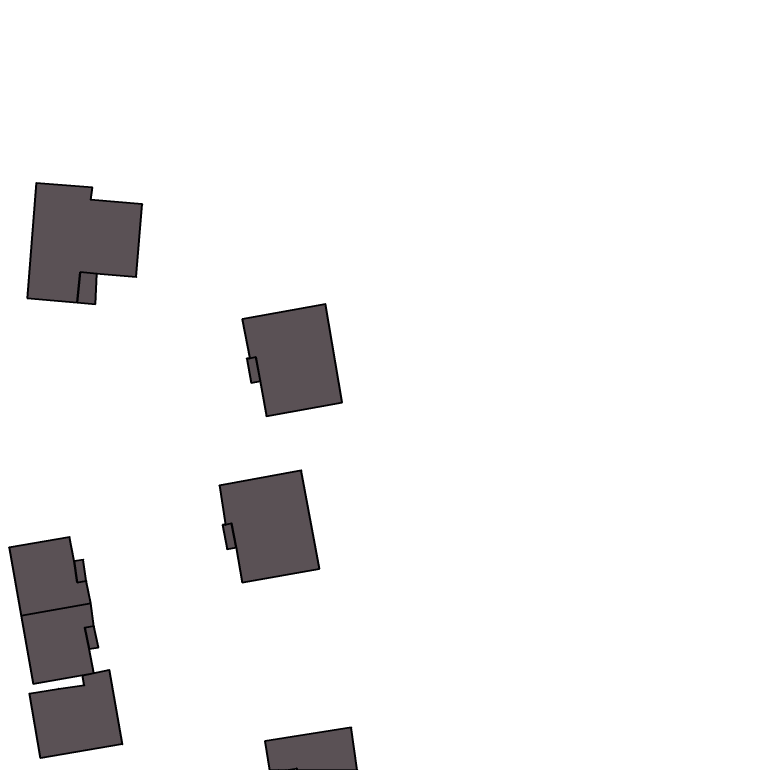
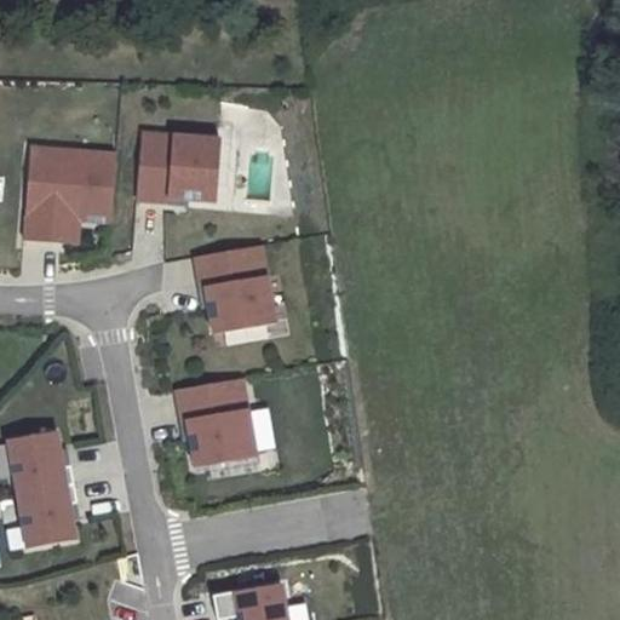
building: none -> [137,132,220,201]
building: [29,670,122,758] -> none

